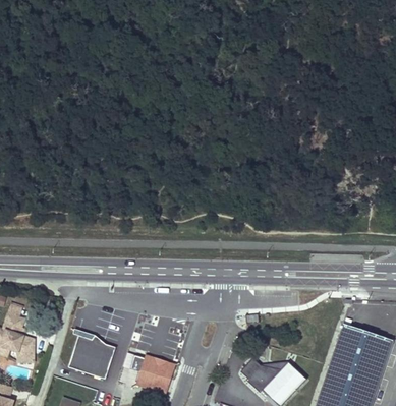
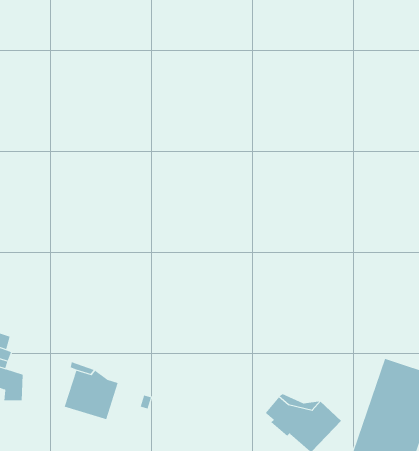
building: [140,357,173,390] -> none

